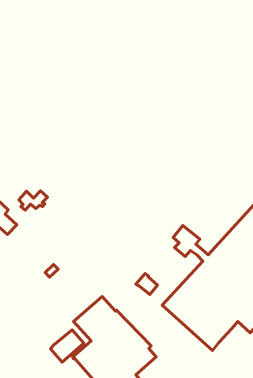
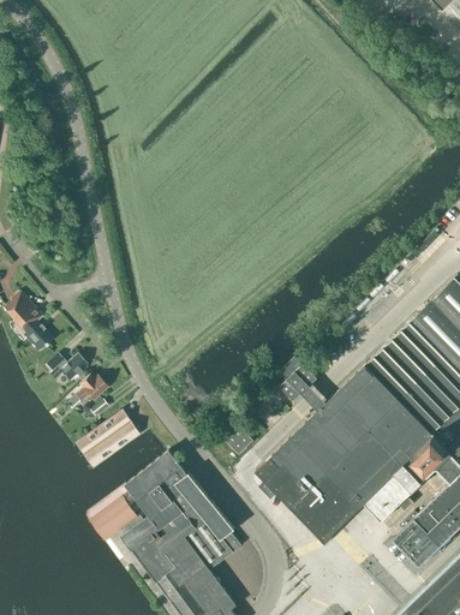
building: [19,191,47,210] -> [46,352,88,380]
building: none -> [66,375,108,408]
building: none -> [76,410,138,466]

